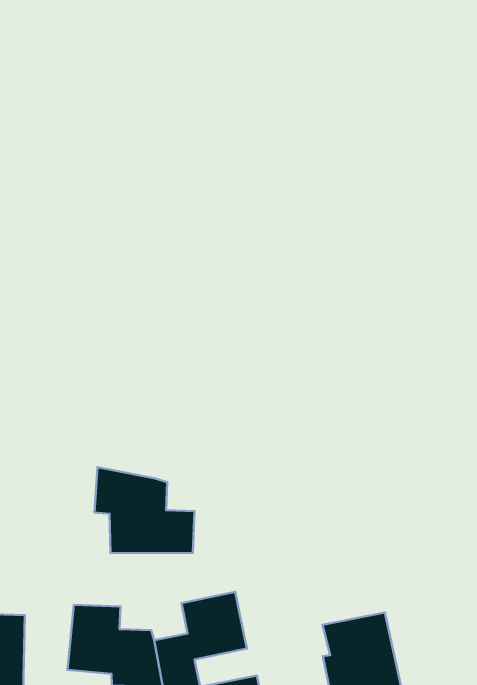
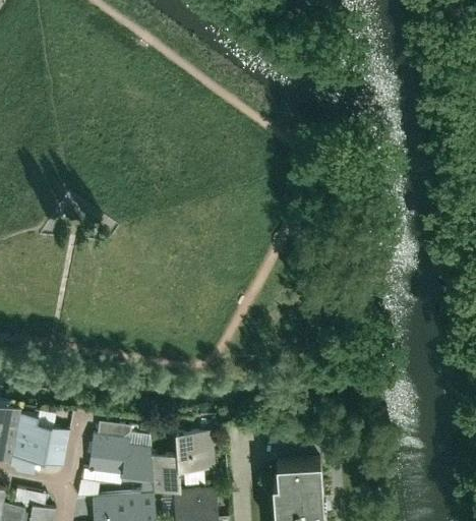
building: [95,467,195,553] -> none

